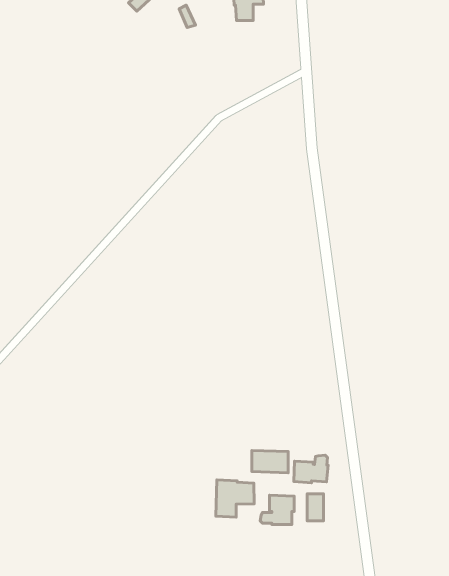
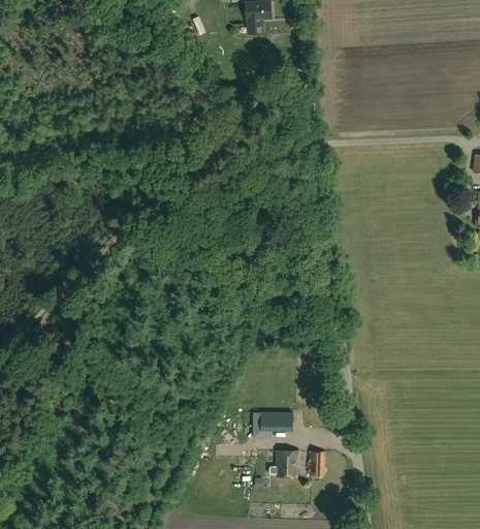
building: [294,455,328,483] -> none
building: [216,480,254,517] -> none

